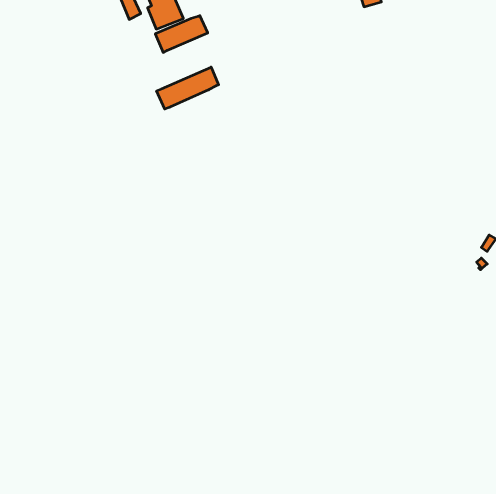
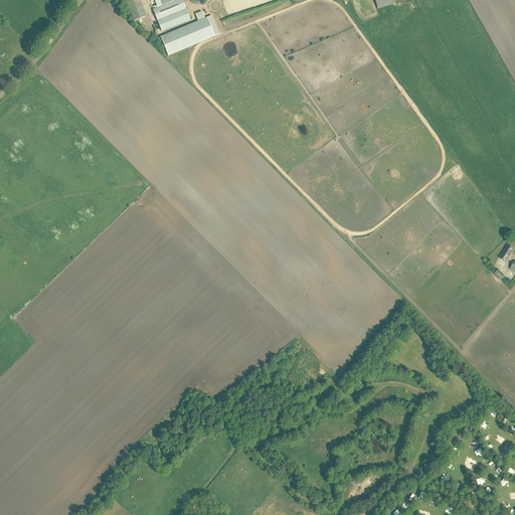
building: [157,67,219,109] -> none

